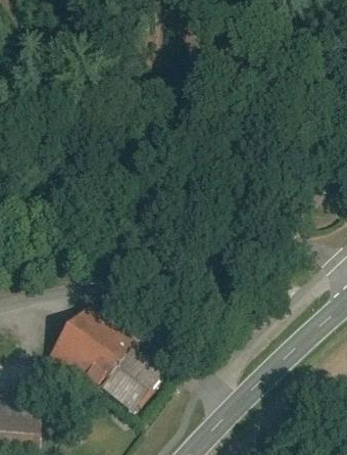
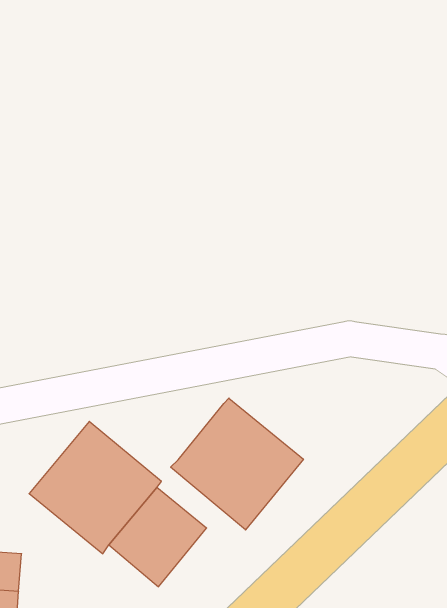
building: none -> [171,398,303,530]

